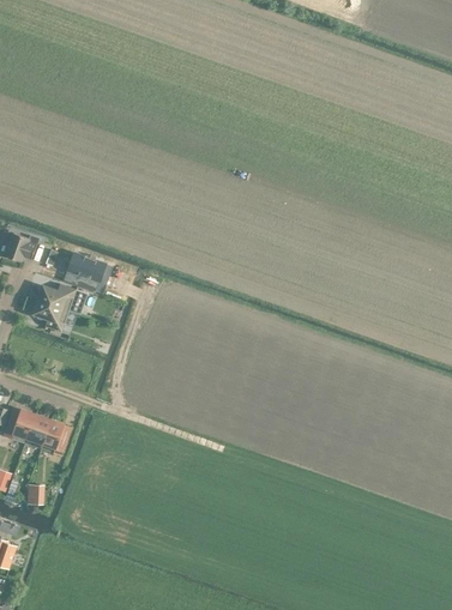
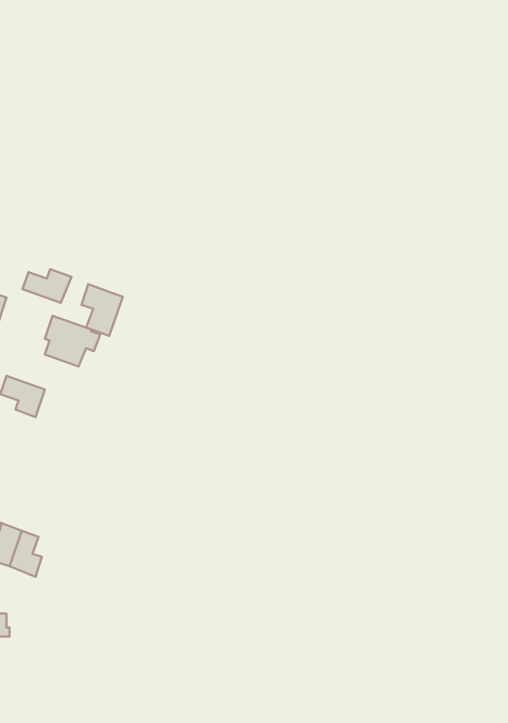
building: none -> [82,284,123,336]
building: [37,284,76,310] -> [22,269,72,303]

